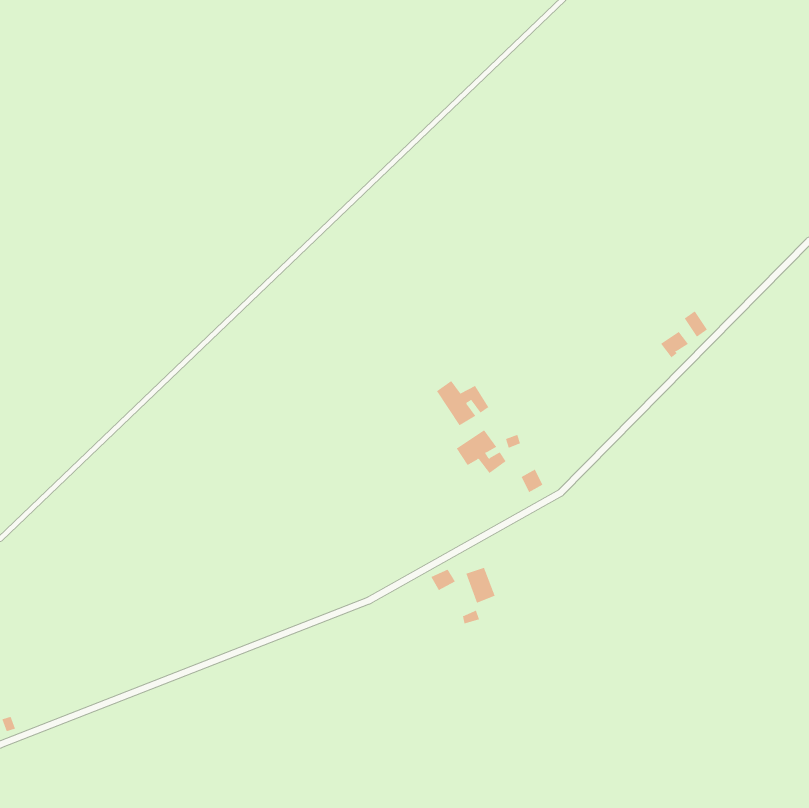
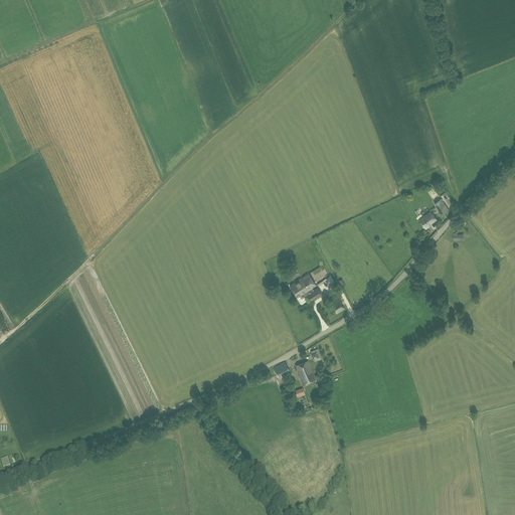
building: [436,380,489,426] -> none

